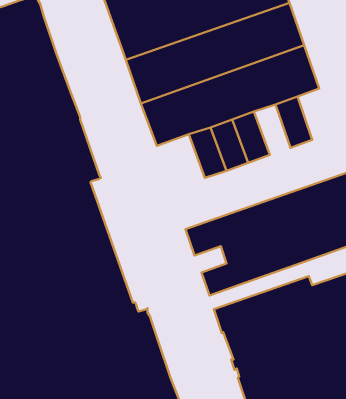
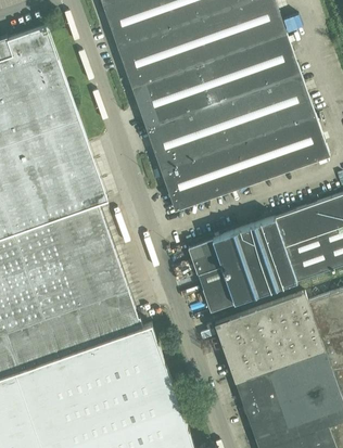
building: none -> [294,115,330,164]
building: none -> [253,130,288,178]
building: none -> [161,158,206,210]

